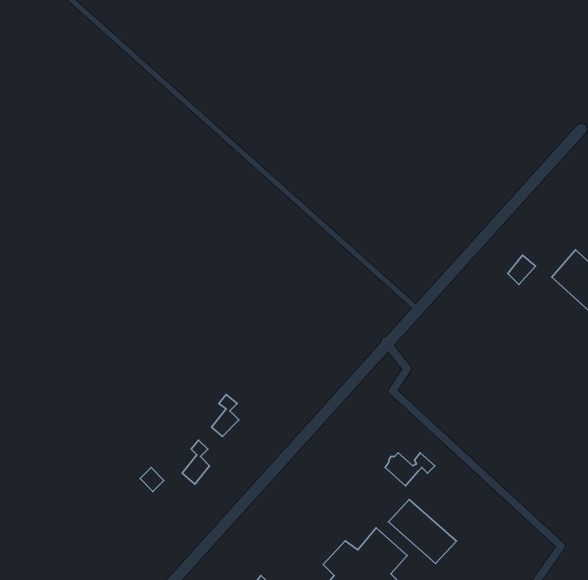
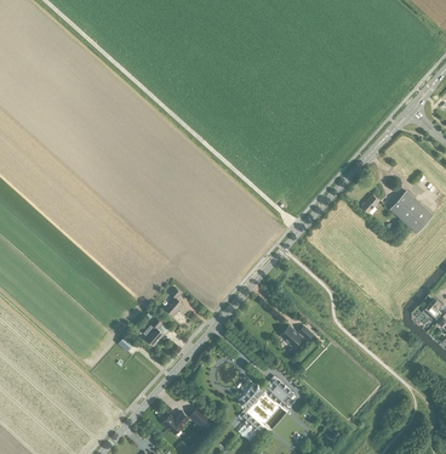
building: [388,500,456,563] -> none

